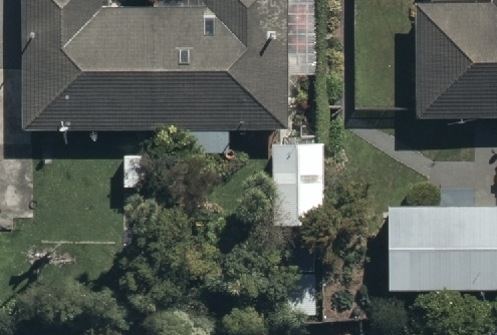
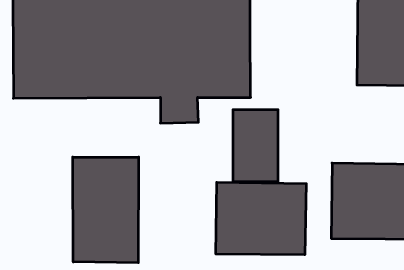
building: none -> [73,157,139,263]
building: none -> [216,182,306,255]

